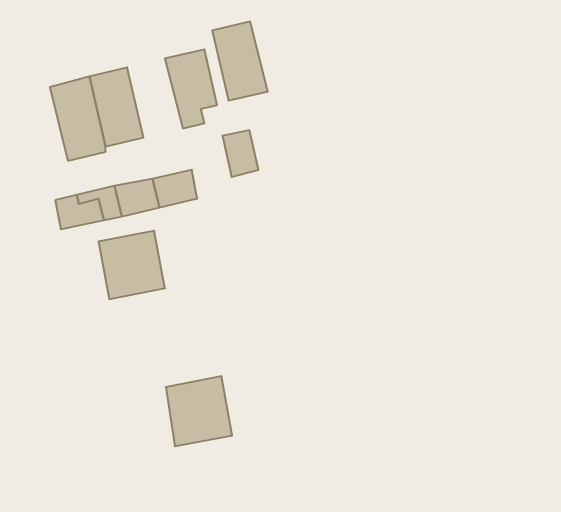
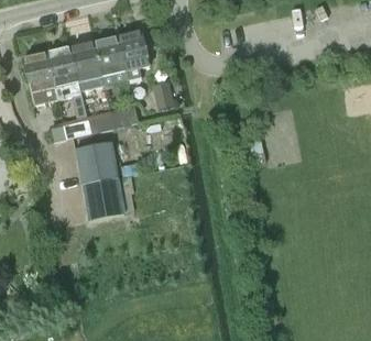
building: [212,21,268,100] -> [94,36,128,85]
building: none -> [23,54,57,104]
building: [166,376,232,446] -> [83,177,123,220]

